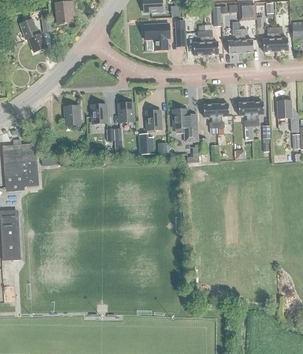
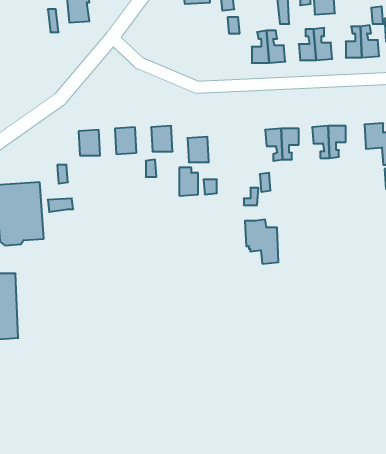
building: [19,18,47,52] -> none
building: [144,22,169,49] -> none
building: [172,108,197,141] -> [245,219,278,264]

